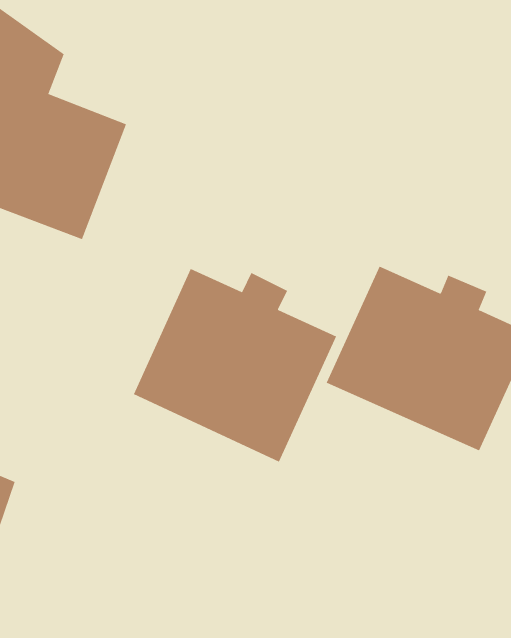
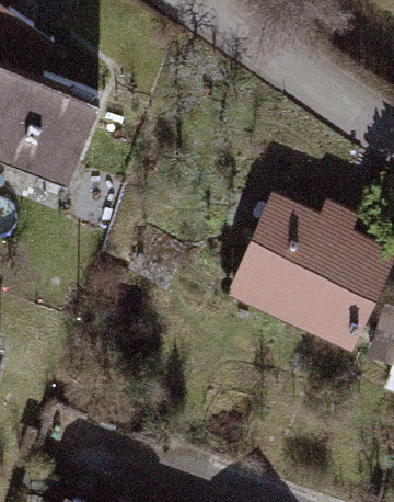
building: [133,268,337,463] -> none

